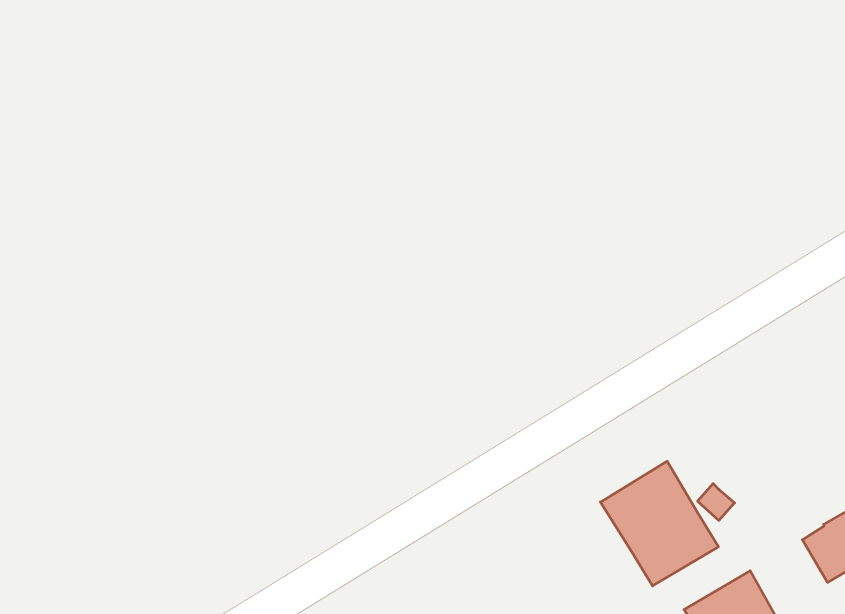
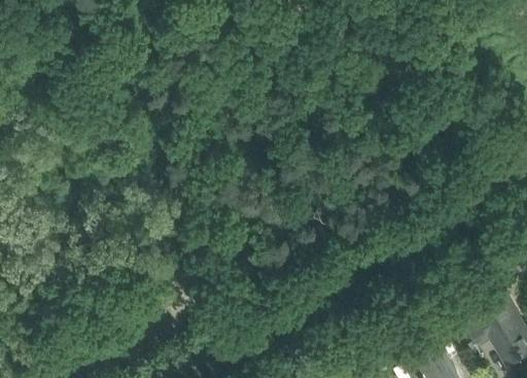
building: [600,461,718,586] -> none

